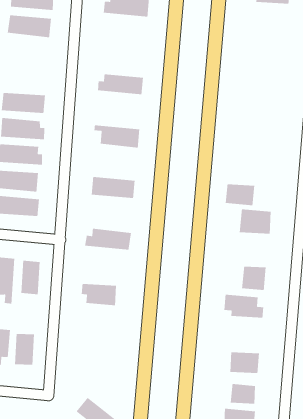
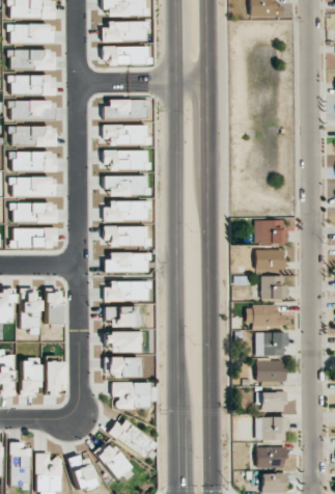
building: none -> [103,47,149,63]
building: none -> [11,75,55,94]
building: none -> [11,100,56,119]
building: none -> [104,125,148,144]
building: none -> [104,175,149,195]
building: [225,184,255,206] -> [256,249,284,270]
building: none -> [105,226,149,246]
building: none -> [107,281,150,301]
building: none -> [108,332,139,353]
building: none -> [256,332,287,356]
building: none -> [108,357,142,377]
building: none -> [113,383,158,407]

